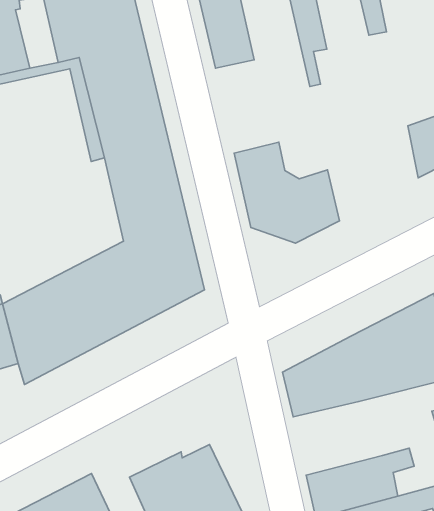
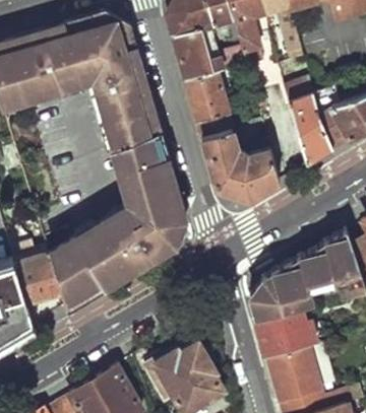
building: none -> [188,74,235,140]
building: none -> [286,85,332,166]
building: none -> [255,306,318,359]

